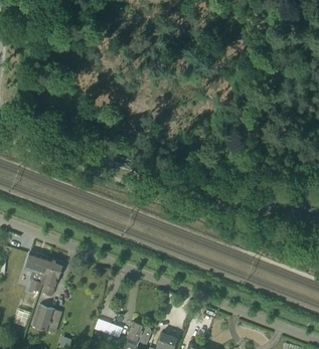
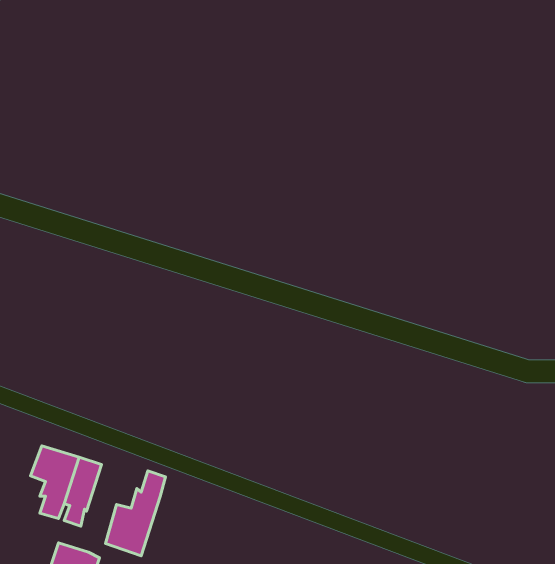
building: none -> [105,471,166,556]

